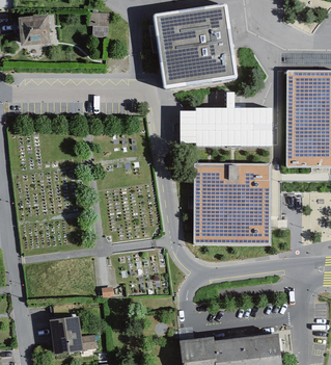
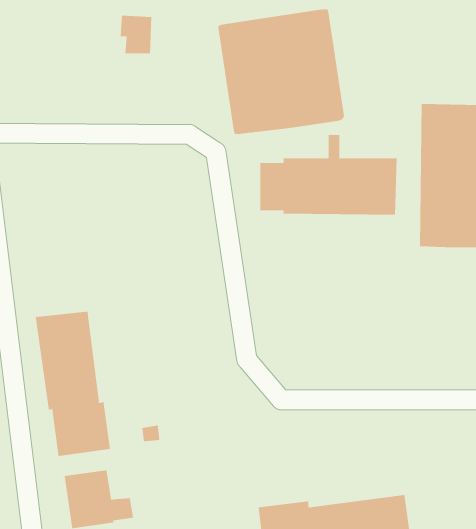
building: [17,14,50,47] -> none
building: [193,162,270,243] -> none
building: none -> [35,311,110,457]

